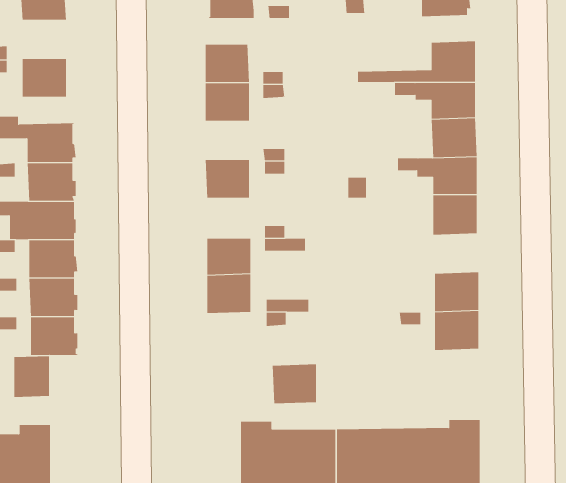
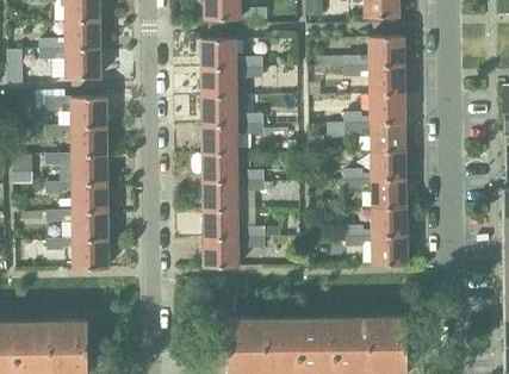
building: none -> [66,20,99,49]
building: none -> [201,95,235,124]
building: none -> [203,152,236,182]
building: none -> [371,179,405,208]
building: [14,355,49,398] -> none
building: [272,364,317,404] -> [203,237,236,267]

